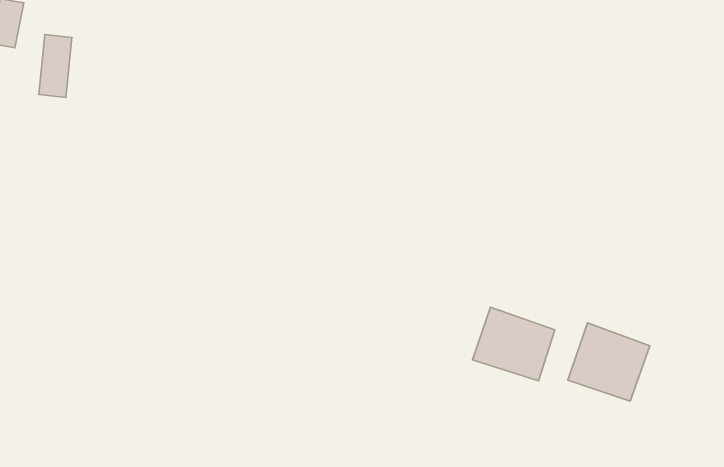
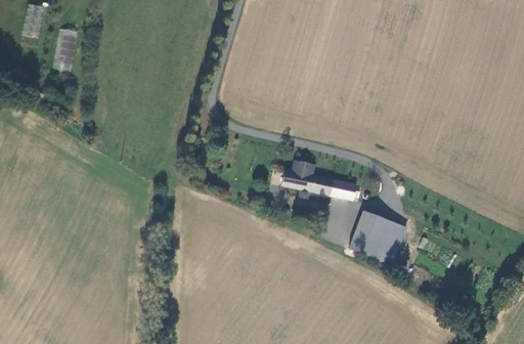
building: none -> [282,160,356,200]
building: [568,323,650,401] -> none

